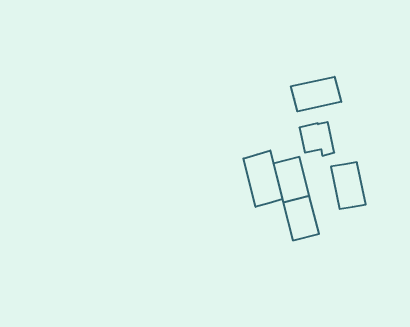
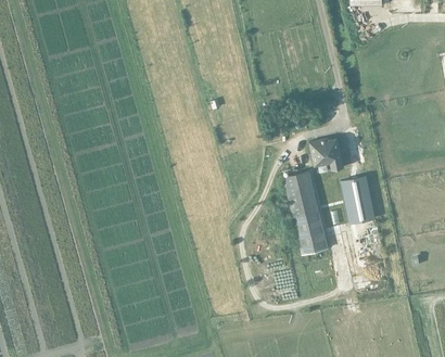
building: [291,77,341,111] -> none
building: [243,150,282,207] -> none

